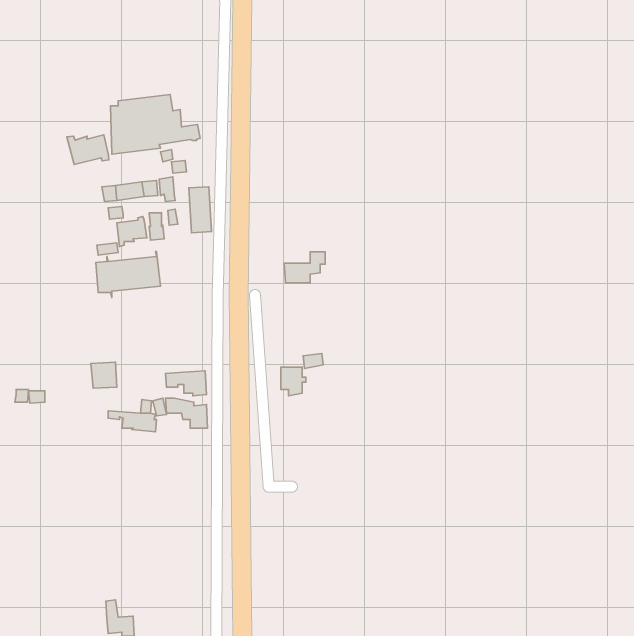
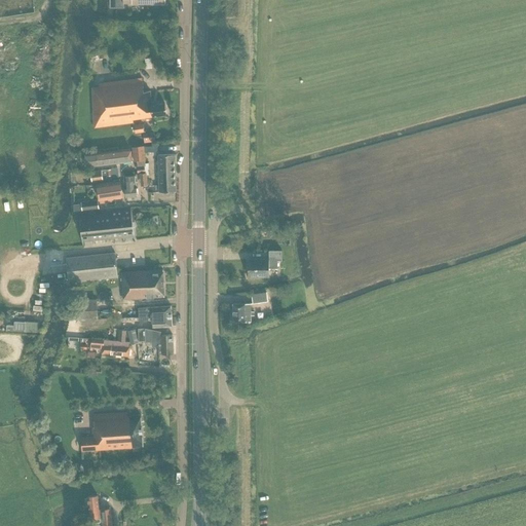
building: [67,135,109,164] -> none
building: [284,252,325,283] -> [247,250,280,275]
building: none -> [65,253,117,283]
building: none -> [121,270,163,300]
building: none -> [80,412,142,451]

